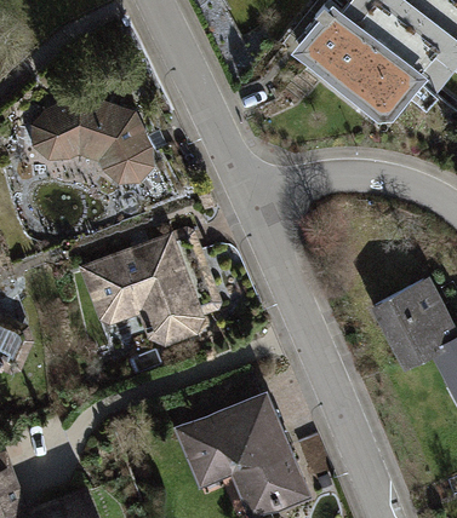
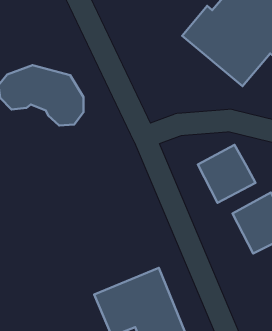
building: none -> [198,145,255,203]
building: [80,235,204,349] -> none

